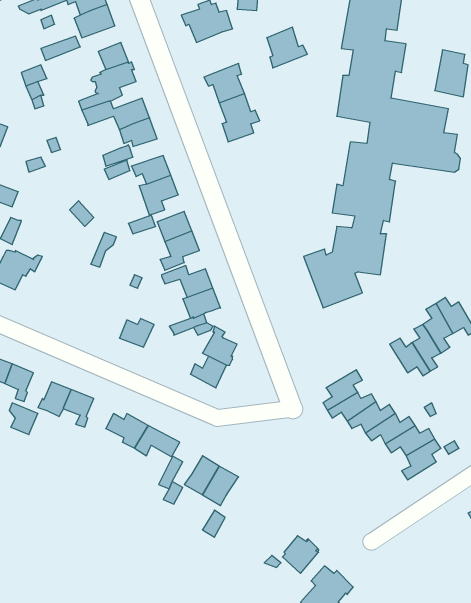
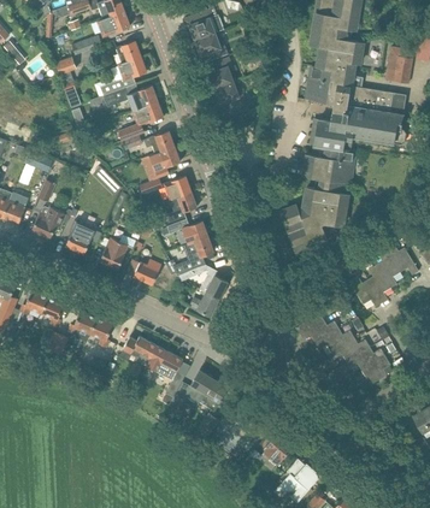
building: [267,27,307,68] -> [195,33,228,65]
building: none -> [66,220,102,254]
building: none -> [100,237,129,270]

